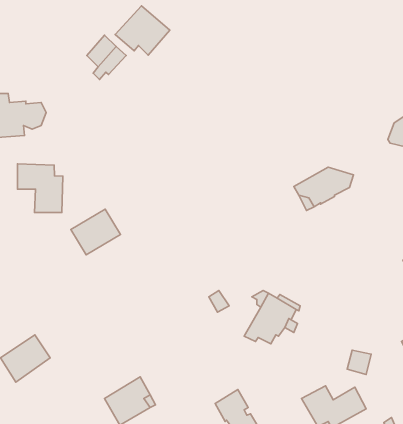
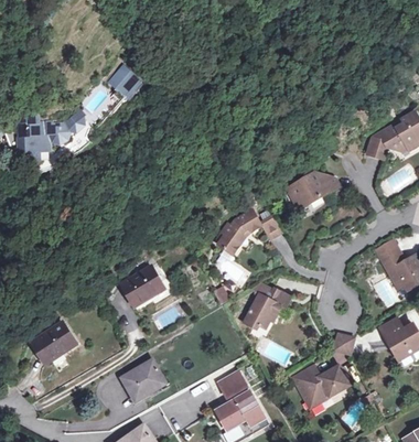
building: [115,6,170,55] -> none
building: [18,164,63,212] -> none
building: none -> [215,211,278,256]
building: [71,209,120,255] -> [120,265,163,304]

